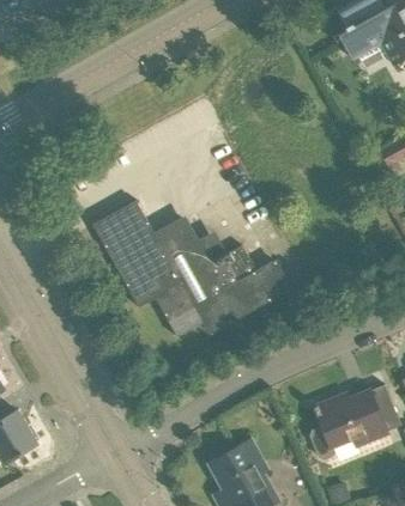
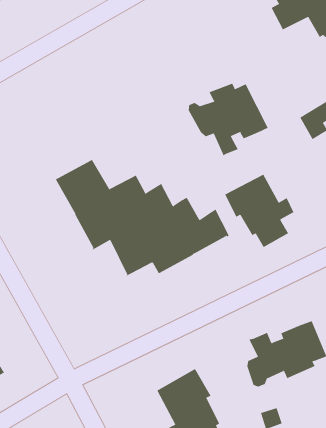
building: none -> [188,83,268,156]
building: none -> [224,174,294,248]

